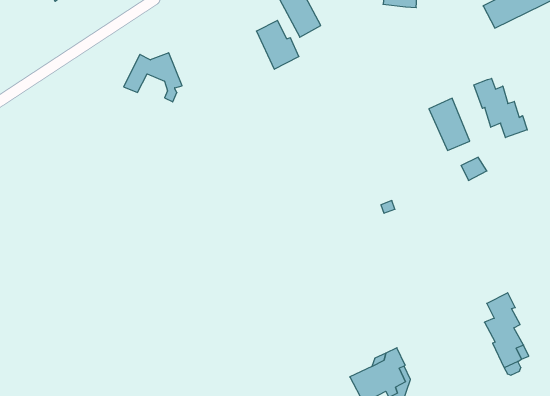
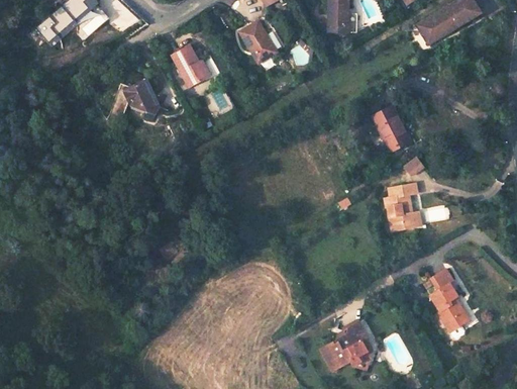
building: [256,20,299,69] -> [172,46,209,88]
building: [474,78,527,138] -> none
building: none -> [387,183,419,230]

